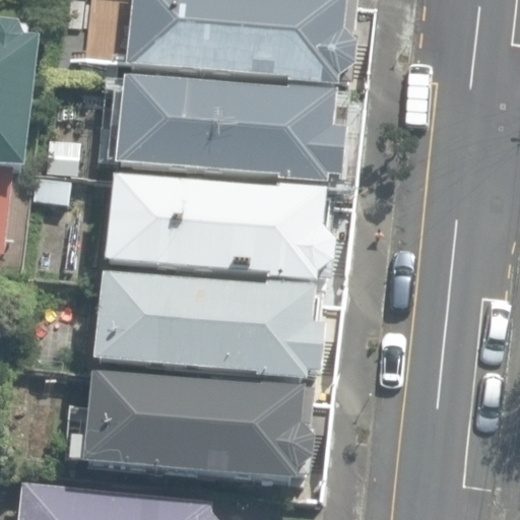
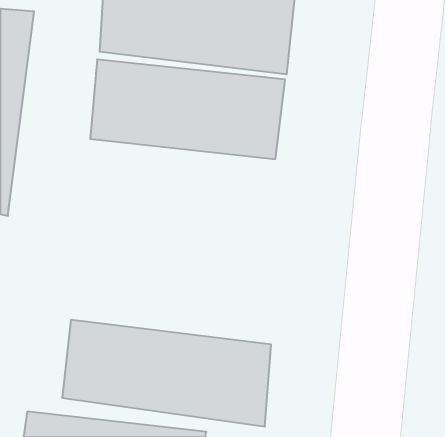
building: [99,168,324,286] -> none
building: [89,270,320,390] -> none

